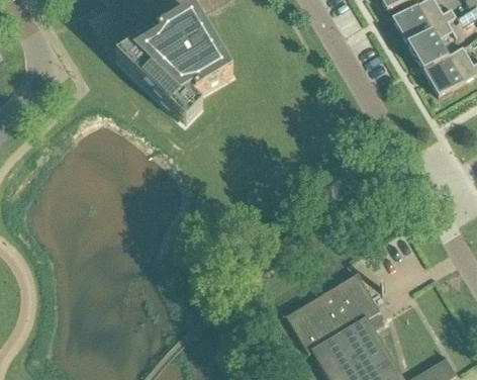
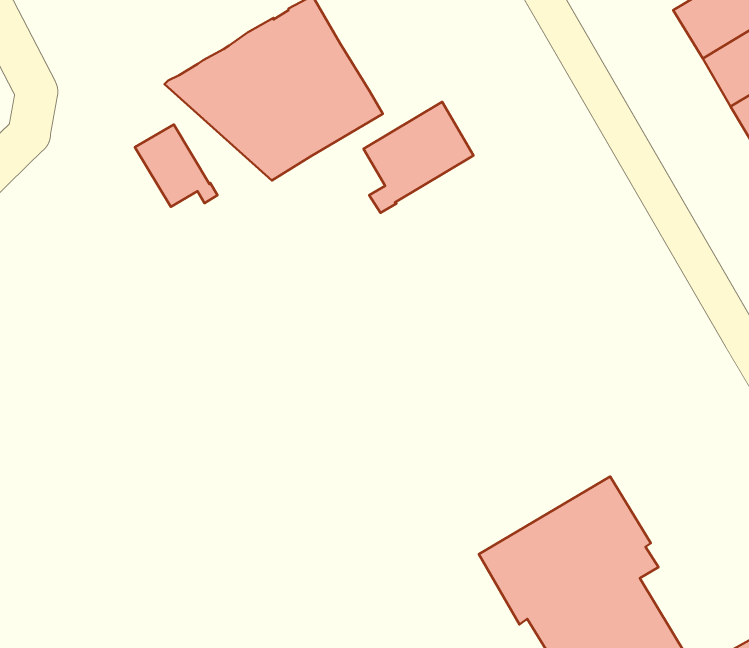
building: none -> [363,102,474,213]
building: none -> [135,124,217,207]

